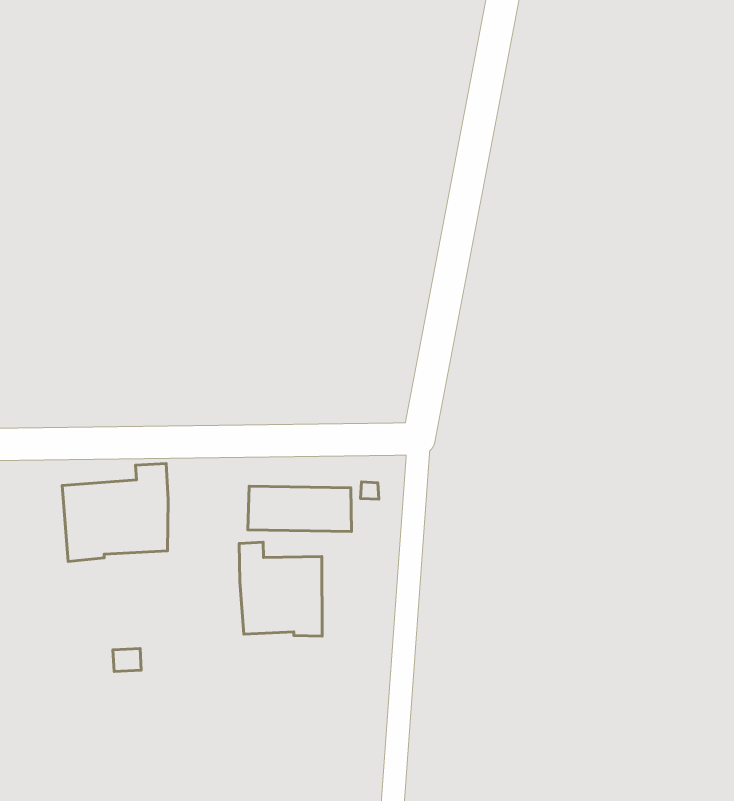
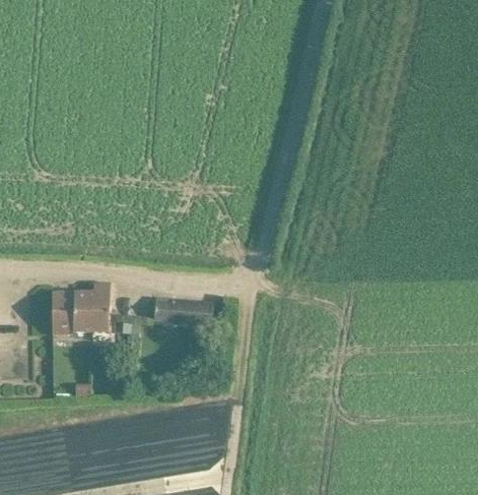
building: [239,542,322,636] -> none

